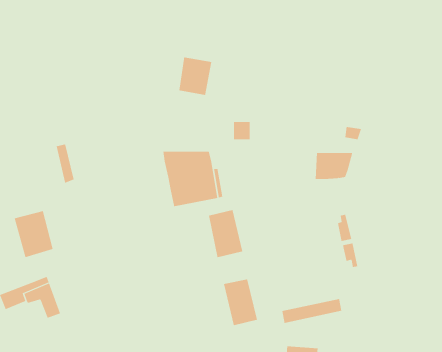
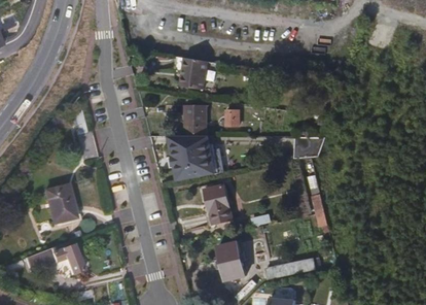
building: none -> [185,104,208,135]

